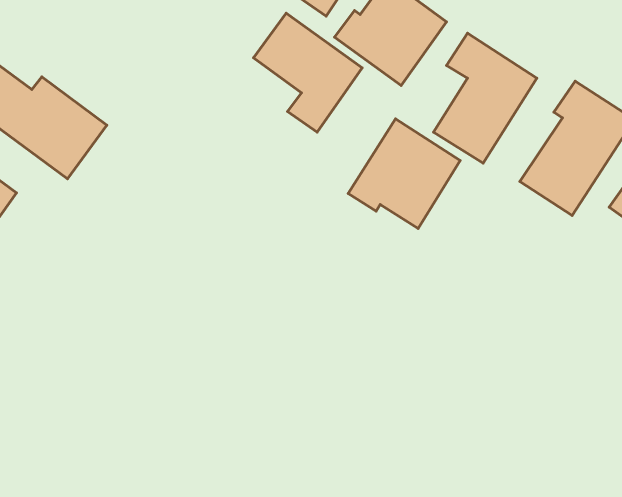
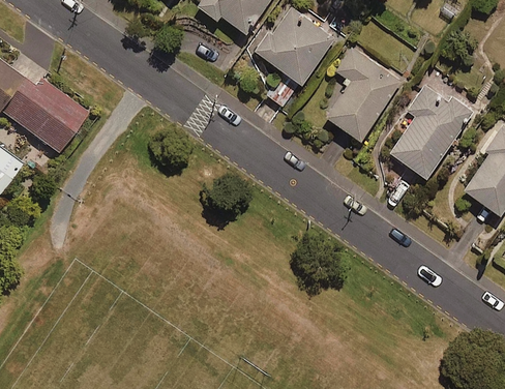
building: [254,13,362,132] -> none
building: [348,119,460,228] -> none

